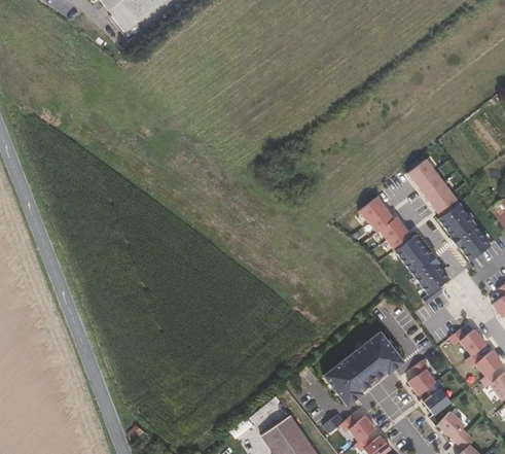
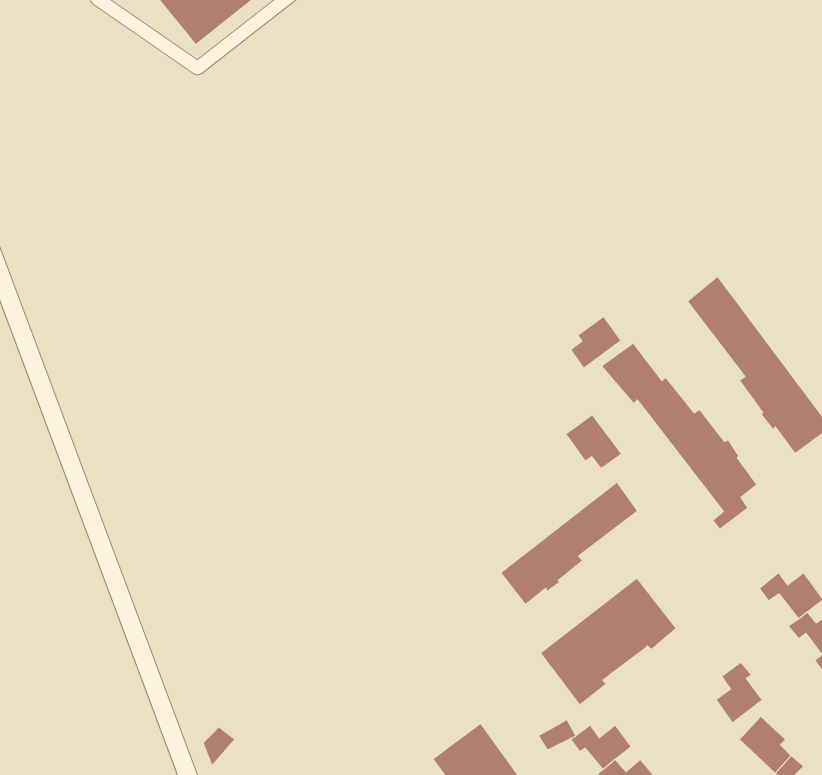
building: none -> [571,316,621,368]
building: none -> [565,414,622,469]
building: none -> [500,482,638,605]
building: [409,361,436,396] -> none

